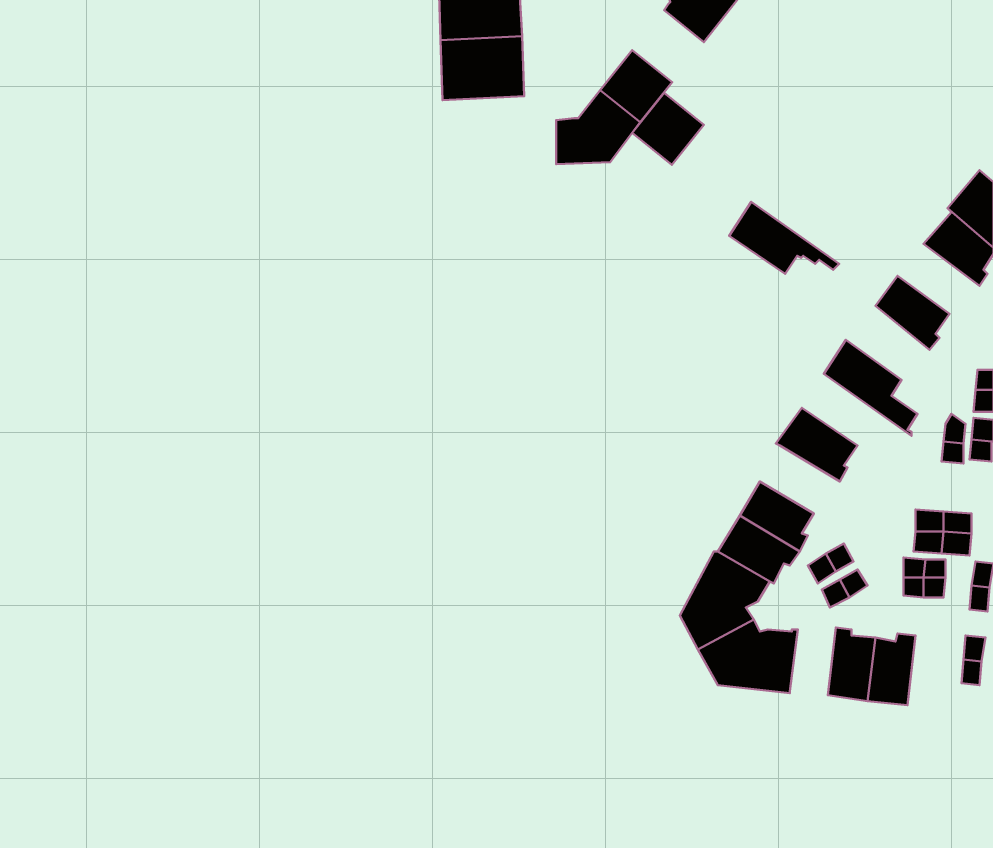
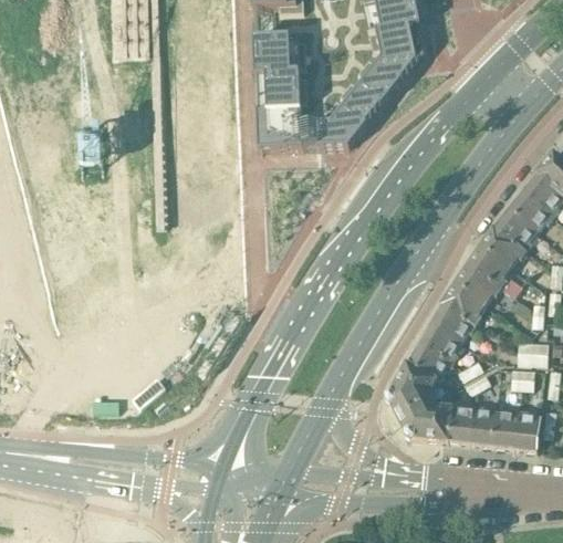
building: [632,93,704,165] -> [361,61,400,101]
building: none -> [256,108,302,148]
building: [729,202,839,274] -> [455,262,515,302]
building: none -> [508,190,553,229]
building: none -> [479,224,525,265]
building: none -> [431,302,476,340]
building: none -> [448,401,473,440]
building: none -> [513,407,539,448]

